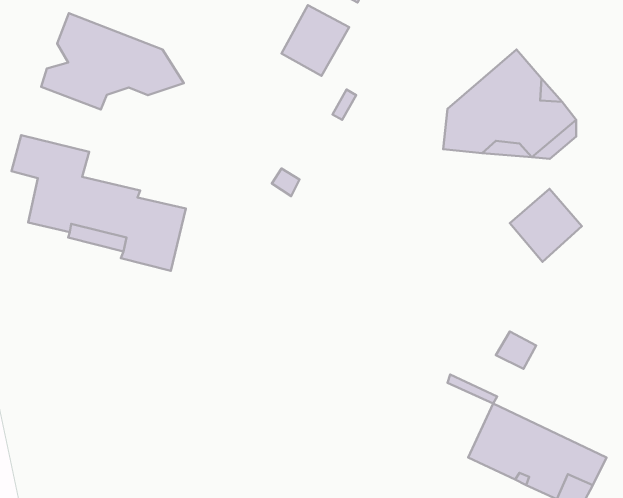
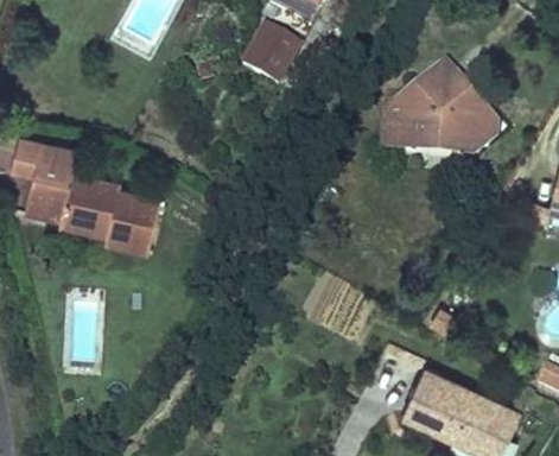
building: [41,13,184,110] -> none
building: [510,189,582,262] -> none

